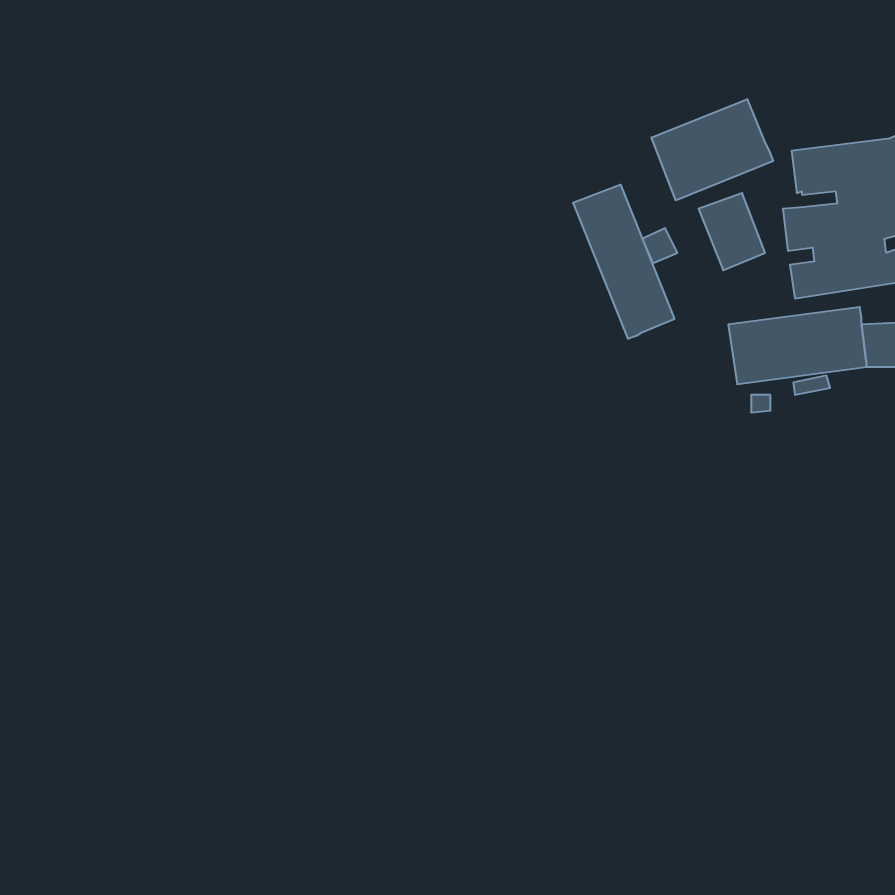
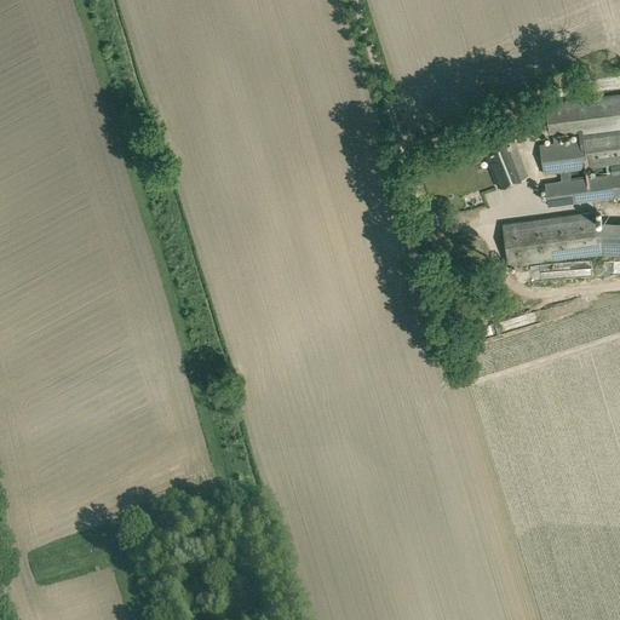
building: [651,99,773,200] -> none
building: [573,185,674,339] -> none

